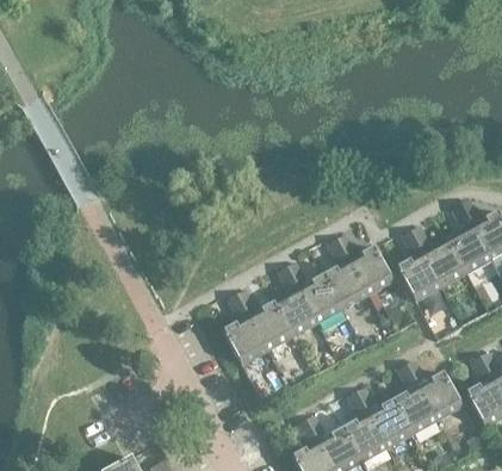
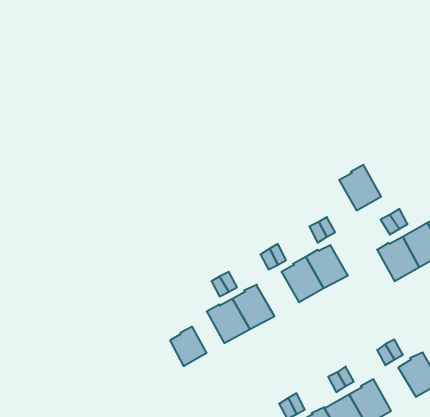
building: [351,247,393,293] -> [339,165,381,210]
building: [275,290,318,335] -> none
building: none -> [170,327,207,366]
building: [395,388,438,432] -> none

